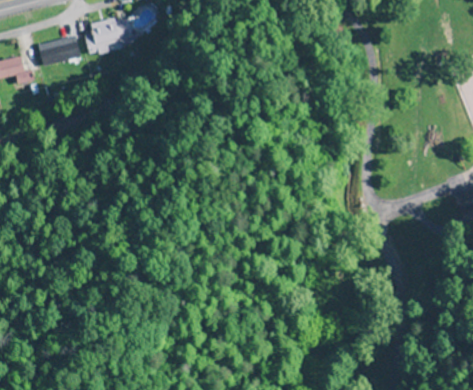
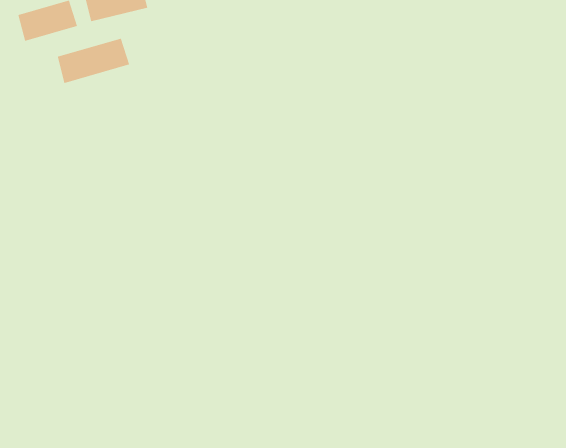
building: none -> [57,38,130,84]

